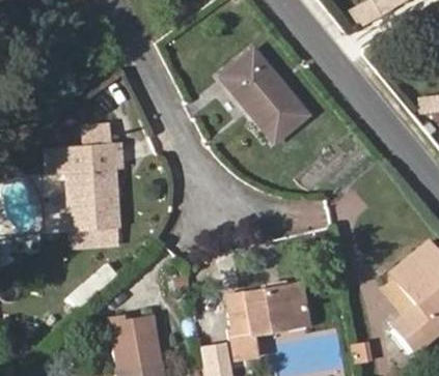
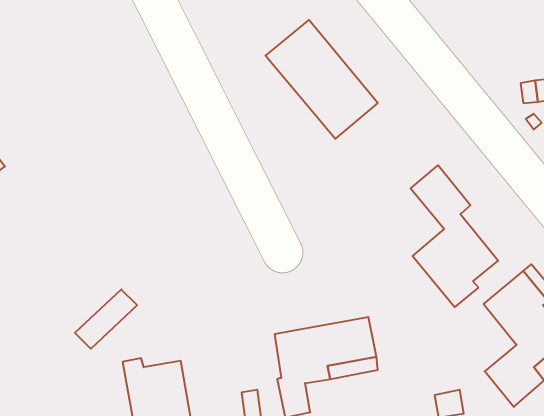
building: [47,121,127,249] -> none
building: none -> [411,165,498,307]

